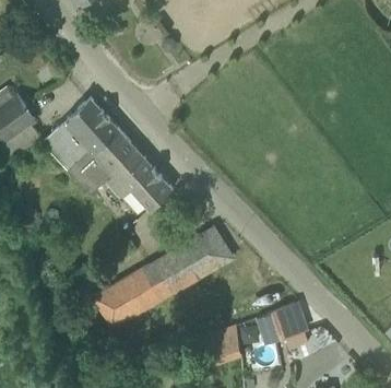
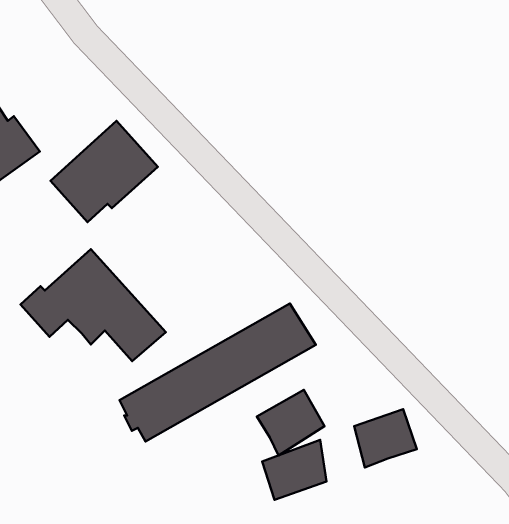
building: [70,130,174,210] -> [20,249,166,361]
building: none -> [257,390,325,455]

